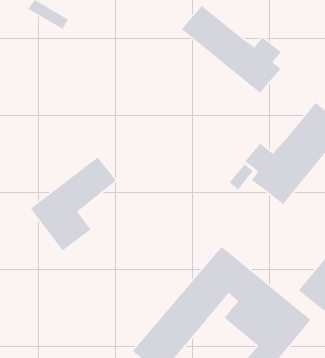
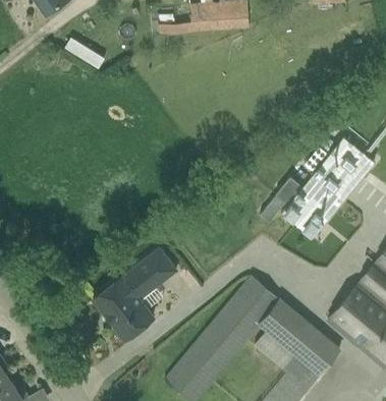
building: [181,5,282,94] -> none
building: [30,156,117,251] -> [94,248,178,341]

